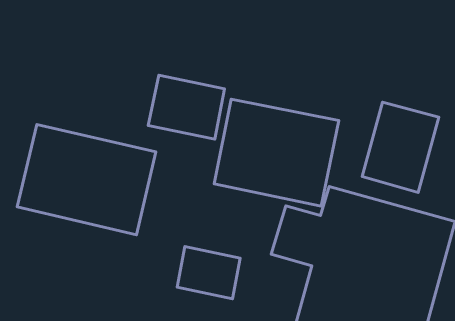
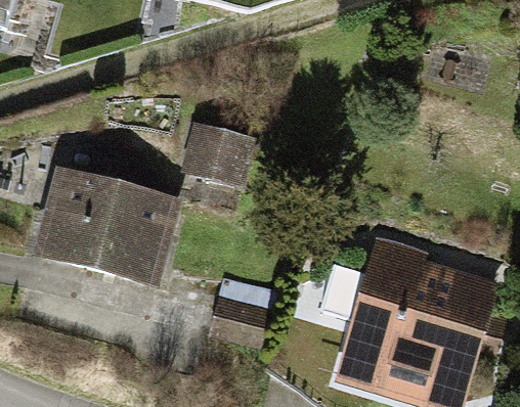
building: [214,99,339,206] -> none
building: [362,102,439,192] -> none

